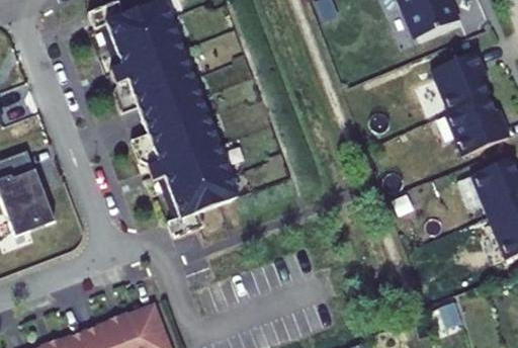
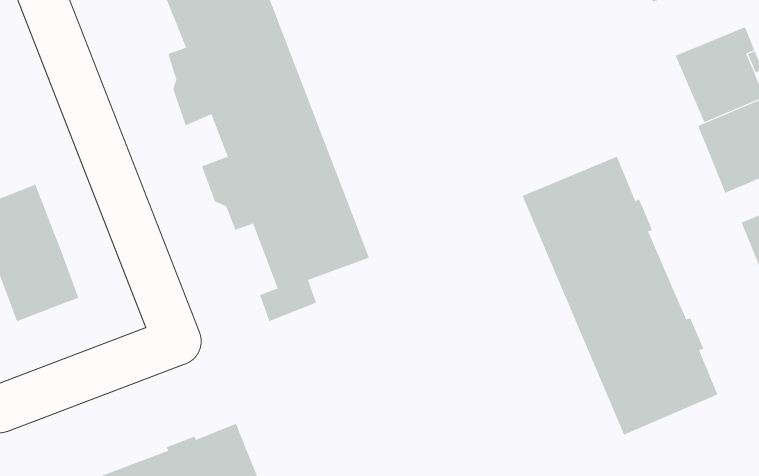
building: none -> [522,156,718,435]

